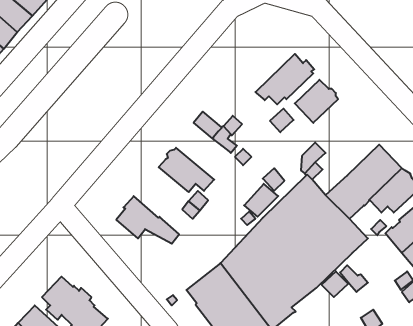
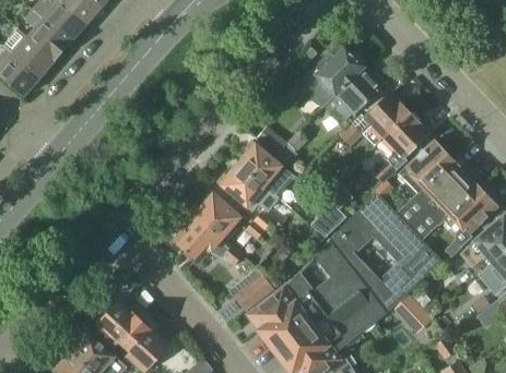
building: none -> [298,46,366,108]
building: none -> [384,113,429,158]
building: none -> [399,141,454,194]
building: none -> [238,143,296,198]
building: none -> [193,194,238,239]
building: none -> [234,276,272,311]

